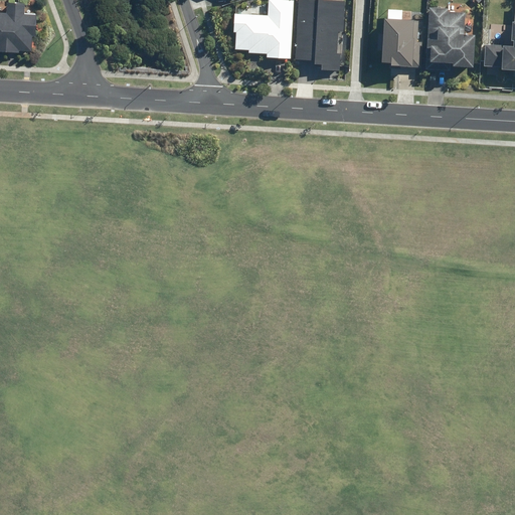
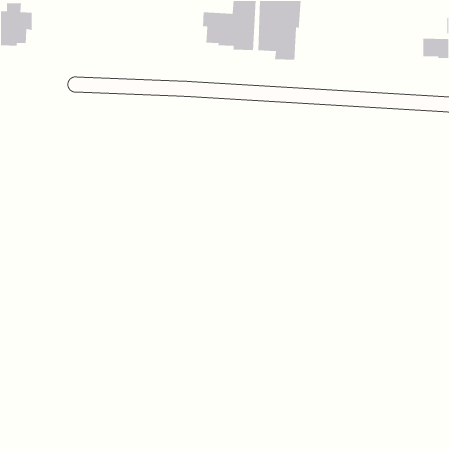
building: [425,6,474,65] -> none
building: [381,8,421,66] -> none

